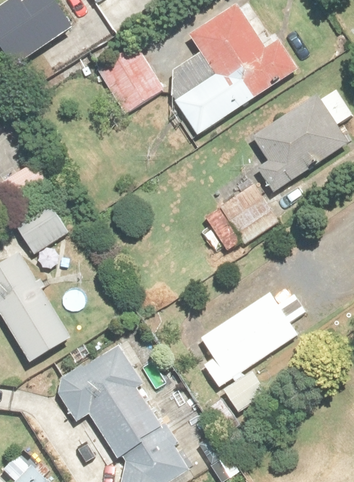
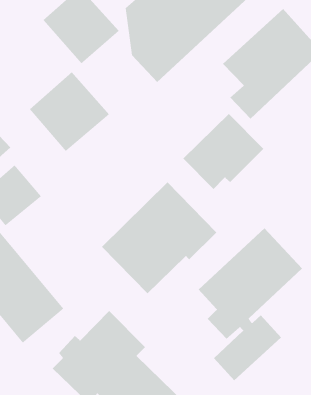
building: none -> [29,72,110,152]
building: none -> [101,182,217,294]

